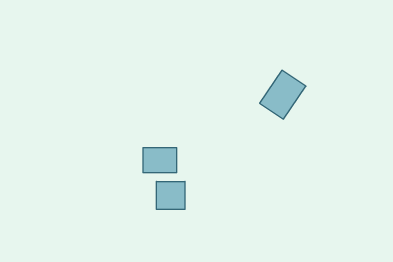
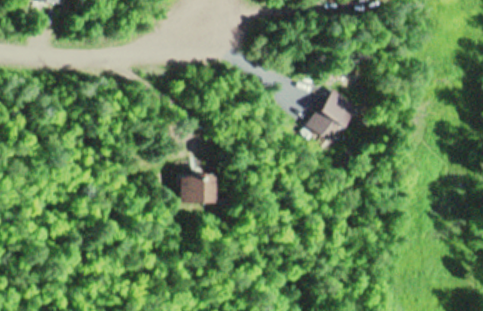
building: [156,181,185,209] -> none

